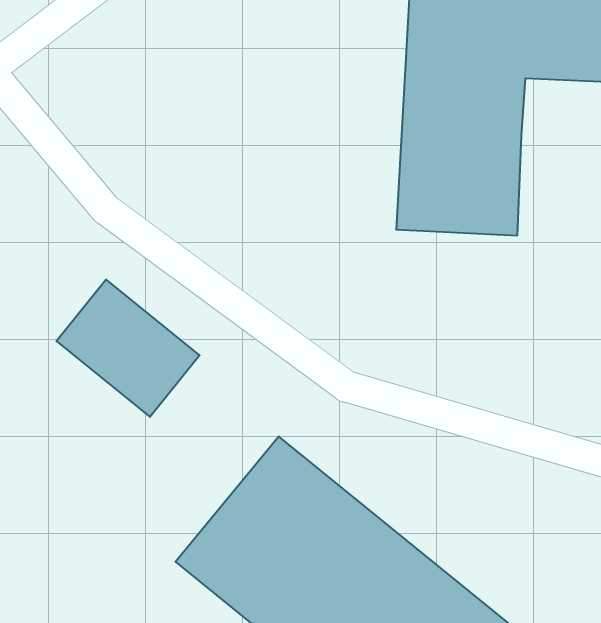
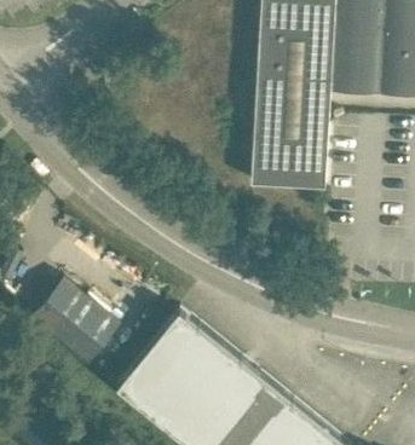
building: [56,280,200,417] -> [33,279,120,363]

